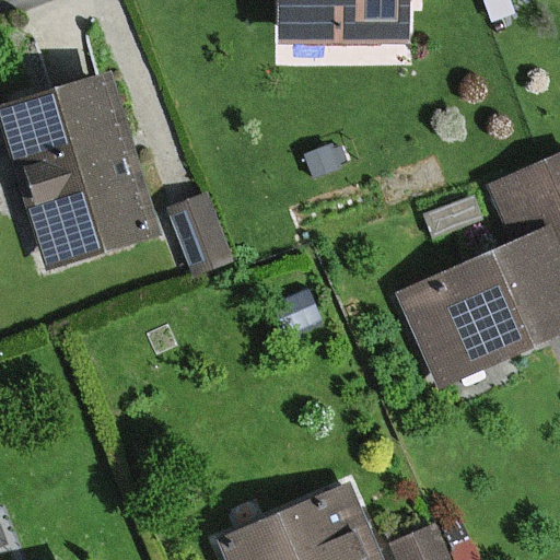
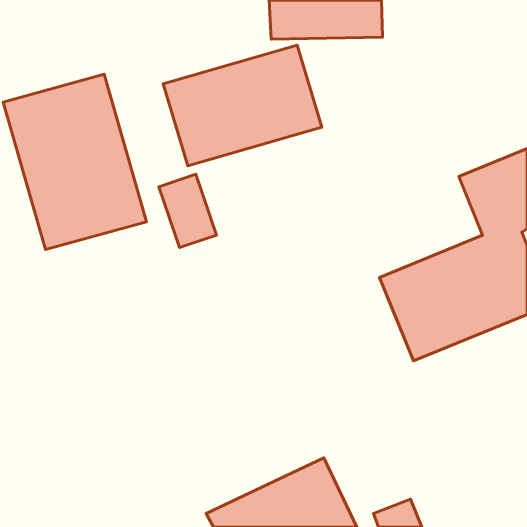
building: none -> [163,45,322,166]

